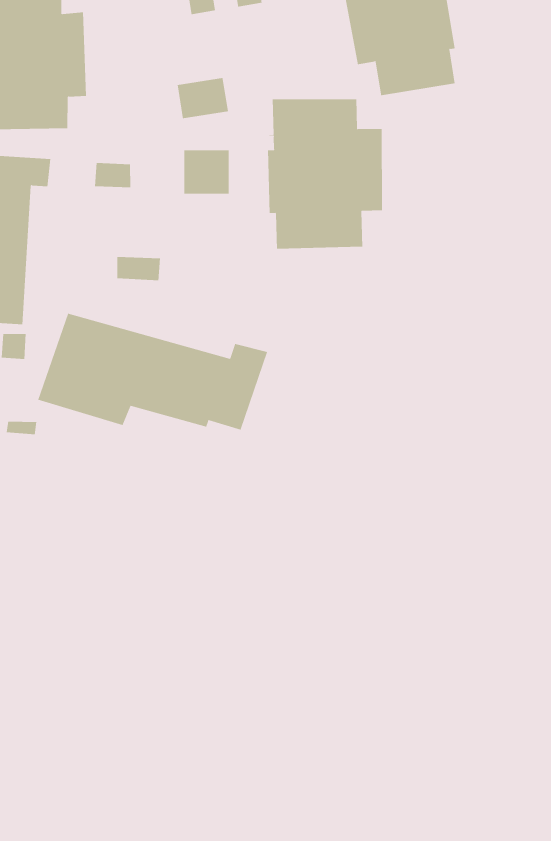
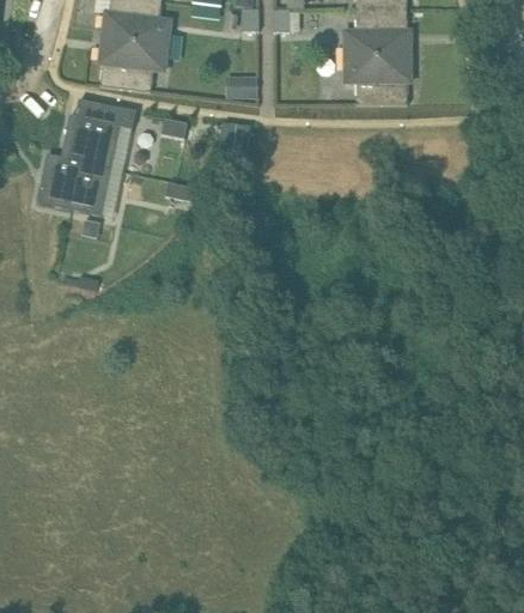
building: [267,98,383,249] -> none
building: [37,313,268,431] -> none

